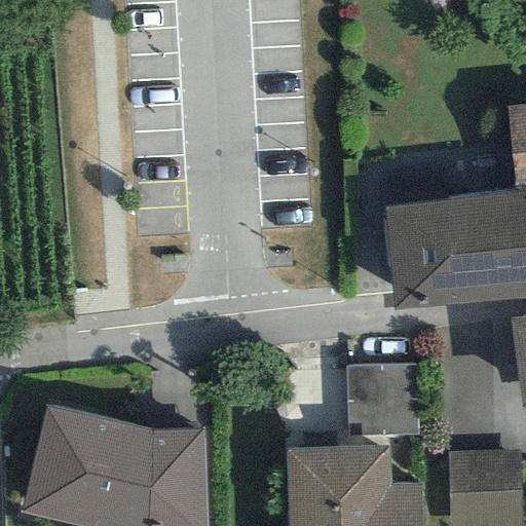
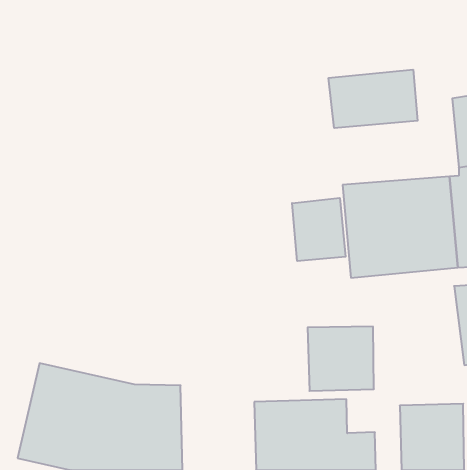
building: none -> [329,70,418,128]
building: none -> [292,198,346,261]

